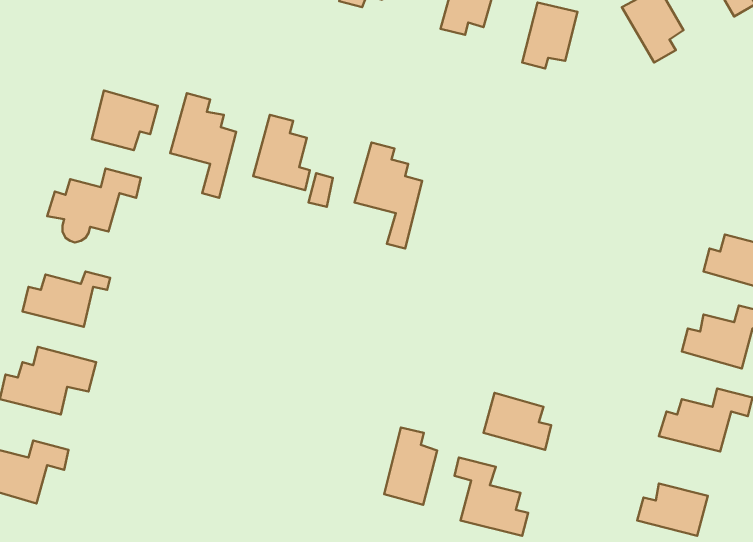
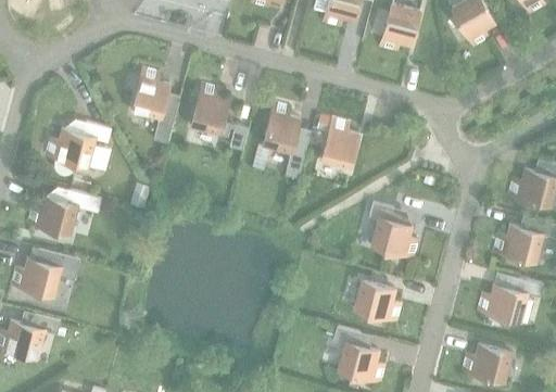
building: [92,91,158,150] -> none
building: none -> [321,119,358,169]
building: none -> [368,202,417,258]
building: [384,427,437,505] -> none

